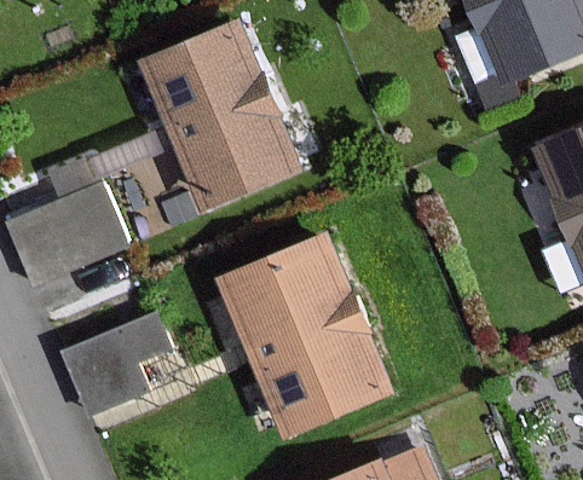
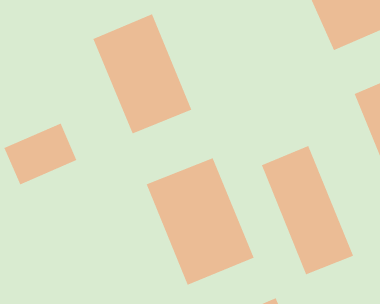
building: none -> [261,145,354,275]
building: [64,313,167,410] -> none

